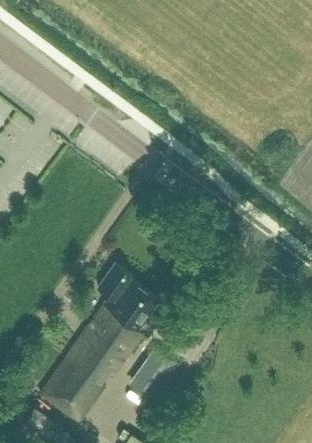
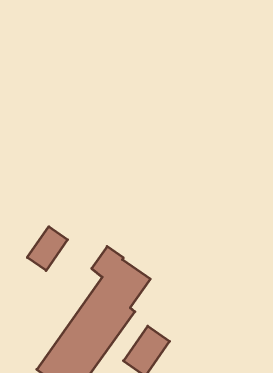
building: none -> [27,227,68,271]

